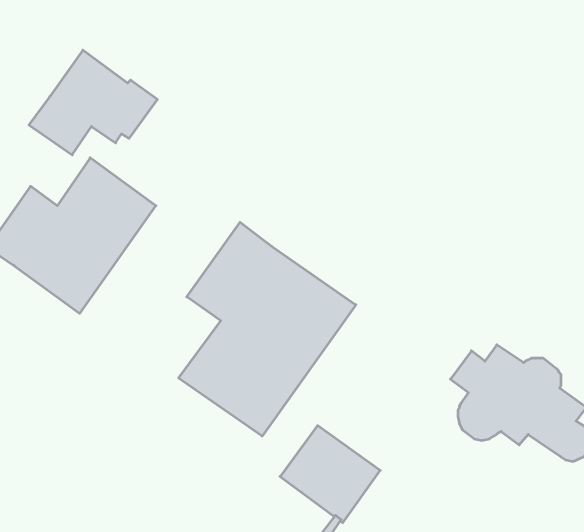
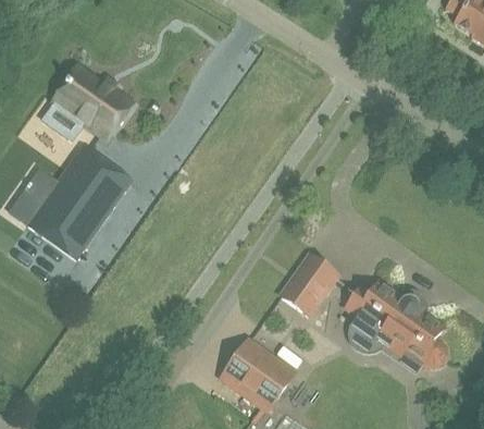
building: [179,222,356,436] -> none
building: none -> [280,254,337,316]

